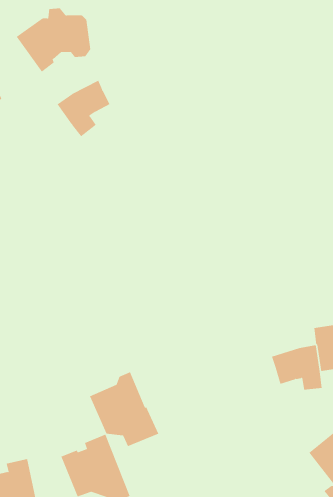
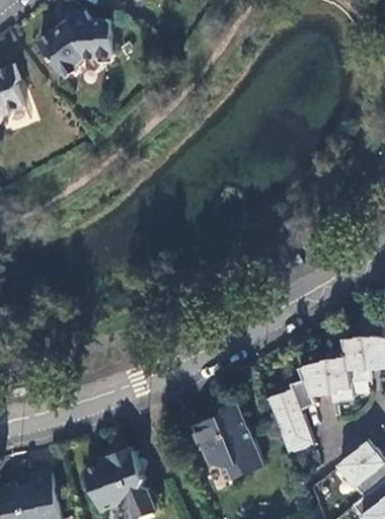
building: [57,80,110,137] -> none
building: none -> [266,379,312,453]
building: [89,371,159,447] -> [191,402,263,479]

